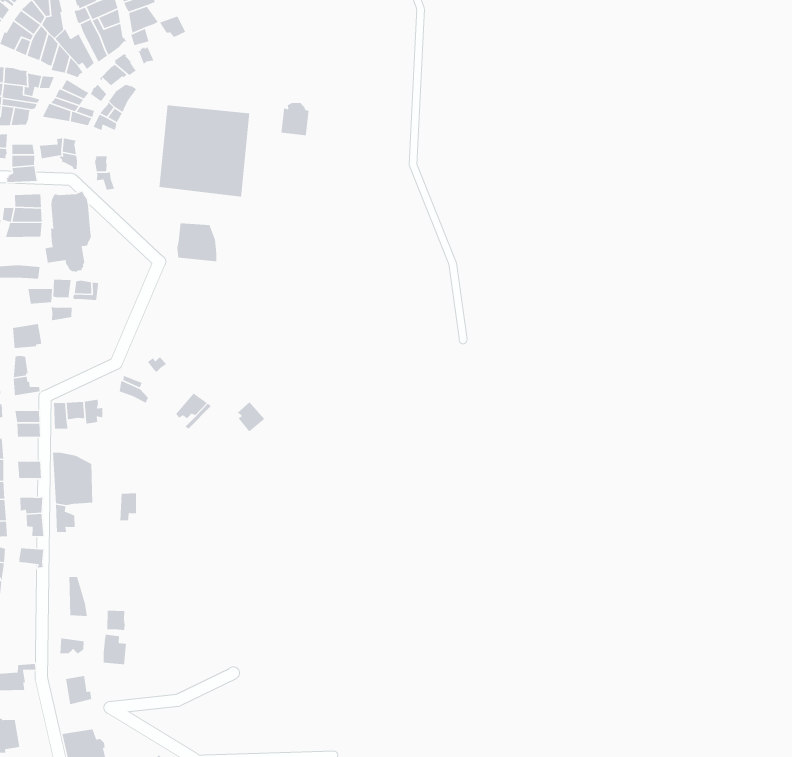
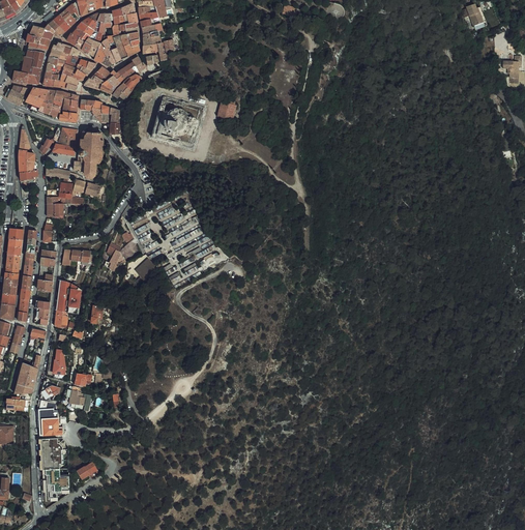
building: [177,223,217,262] -> none
building: none -> [14,362,37,394]

